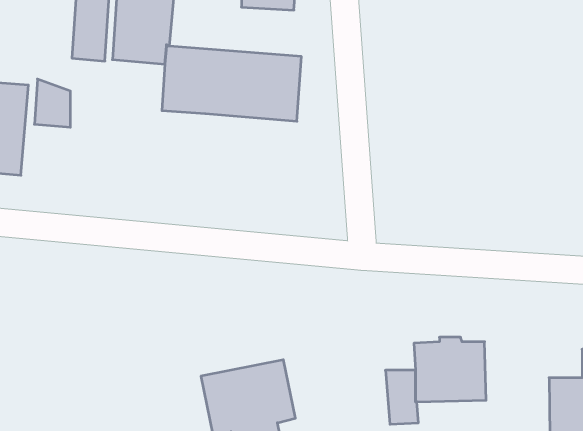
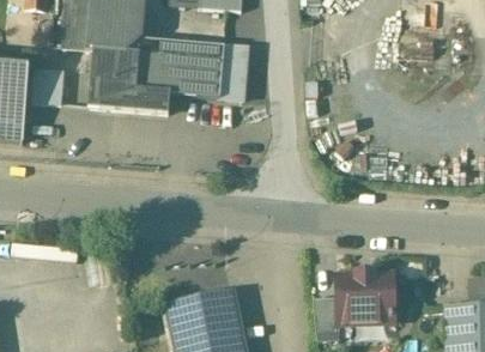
building: none -> [87,50,170,115]

